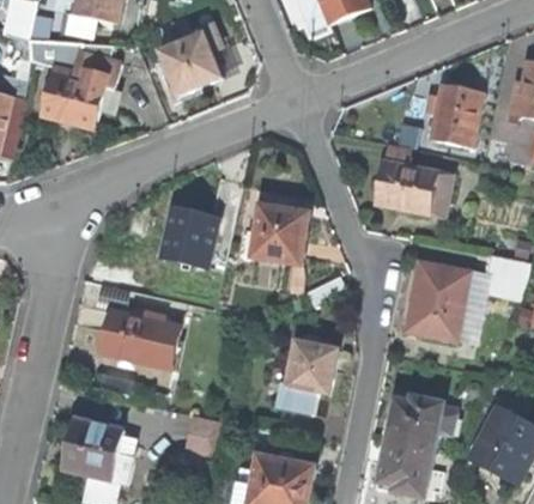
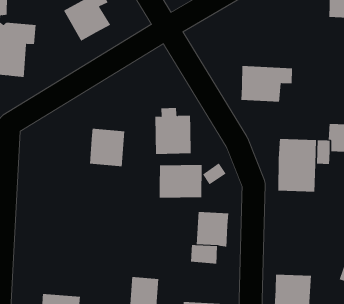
building: [427,85,481,146] -> none
building: none -> [159,164,202,199]
building: [101,308,181,368] -> none
building: [384,396,442,449] -> none

